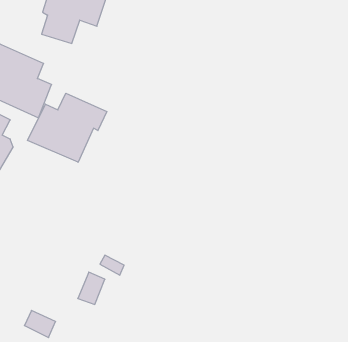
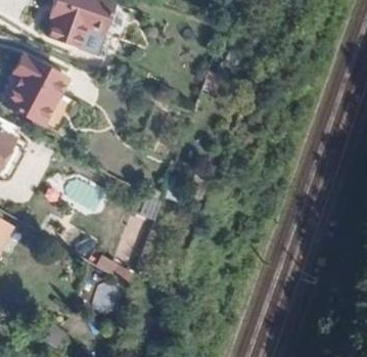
building: [28,93,107,162] -> none

